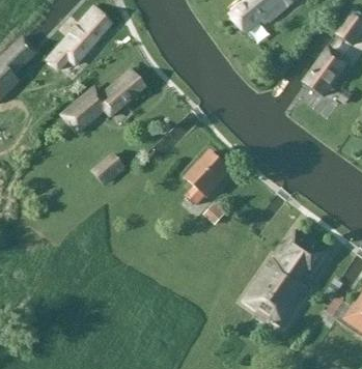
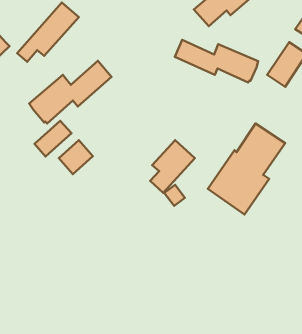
building: none -> [175,40,258,83]
building: none -> [34,121,71,156]
building: [247,230,328,325] -> [208,123,285,215]

